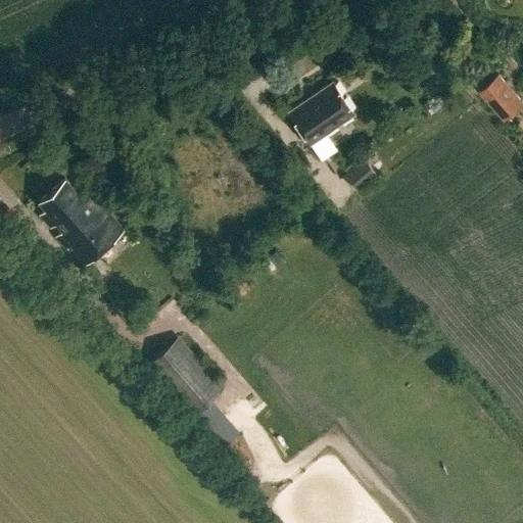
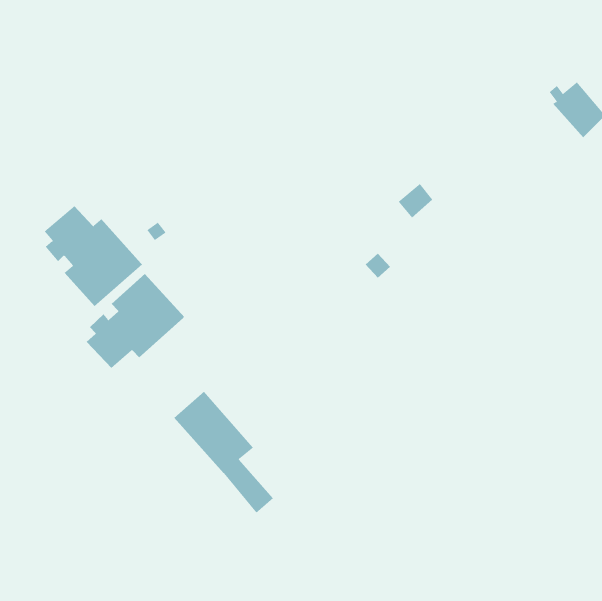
building: [289,83,354,144] -> none
building: none -> [86,273,185,369]

